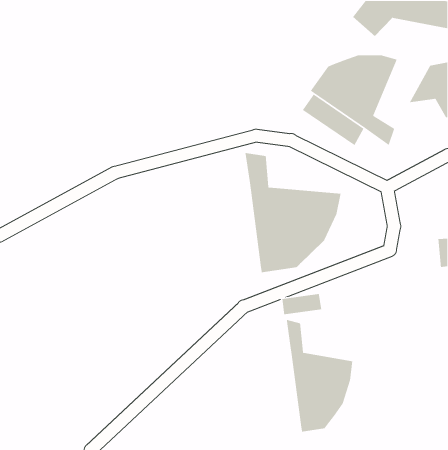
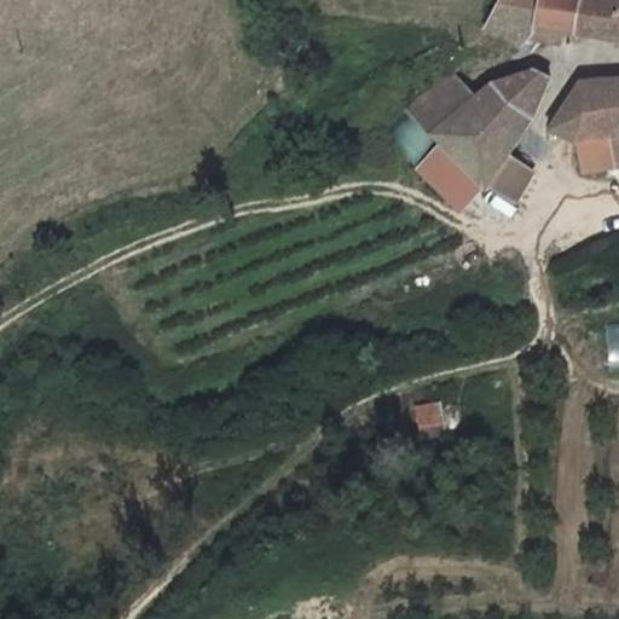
building: [245,152,342,273] -> none
building: [286,319,353,432] -> none

